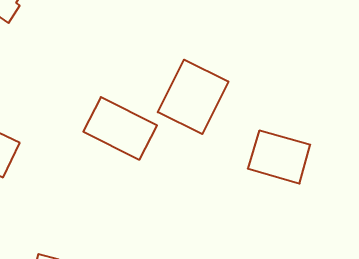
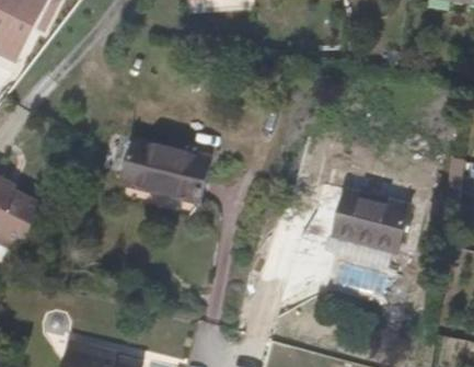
building: [158,60,228,134] -> none

